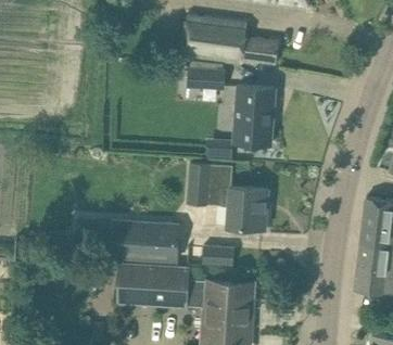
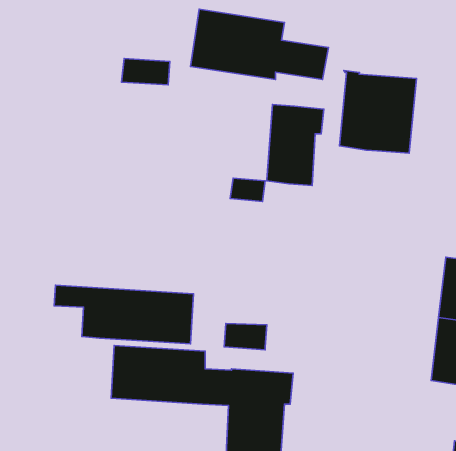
building: none -> [340,71,417,153]
building: [188,71,224,90] -> [121,59,170,85]
building: [187,163,268,230] -> none

